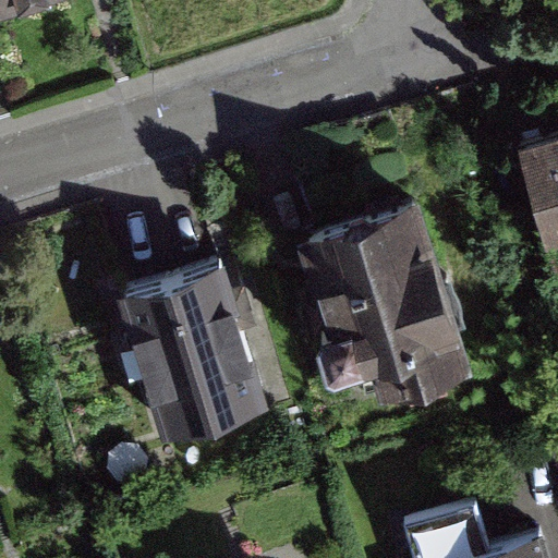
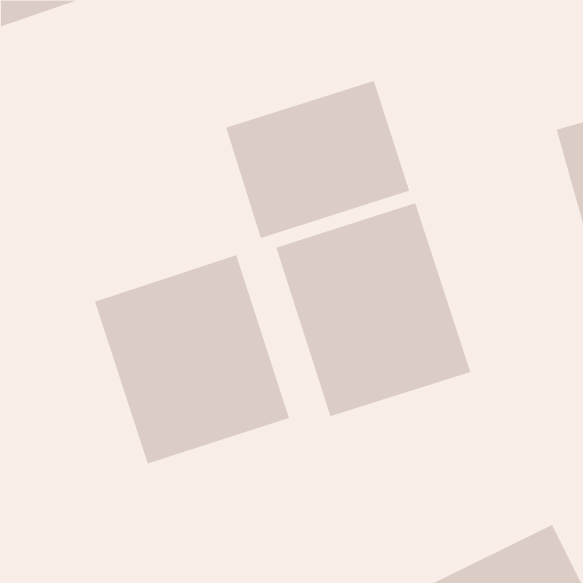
building: none -> [226,80,410,239]

